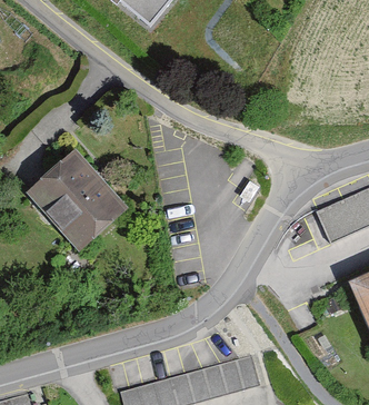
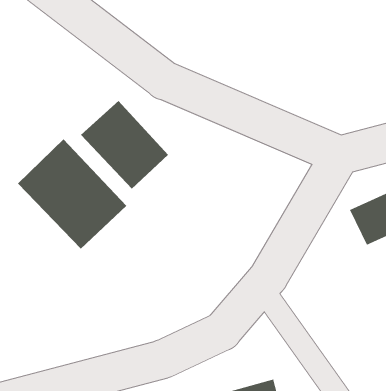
building: none -> [80,100,169,190]

